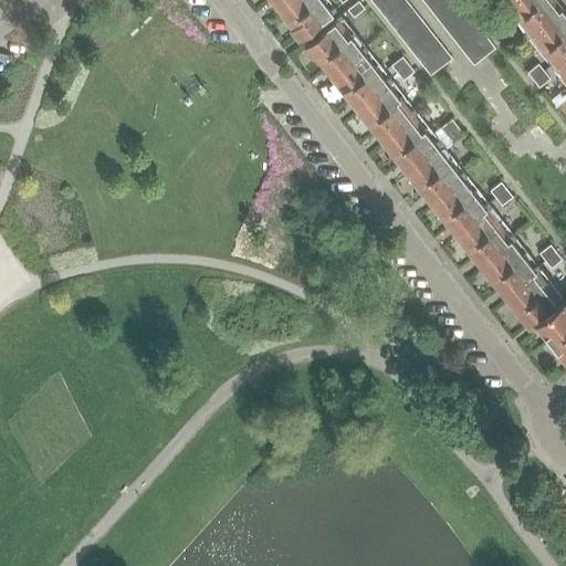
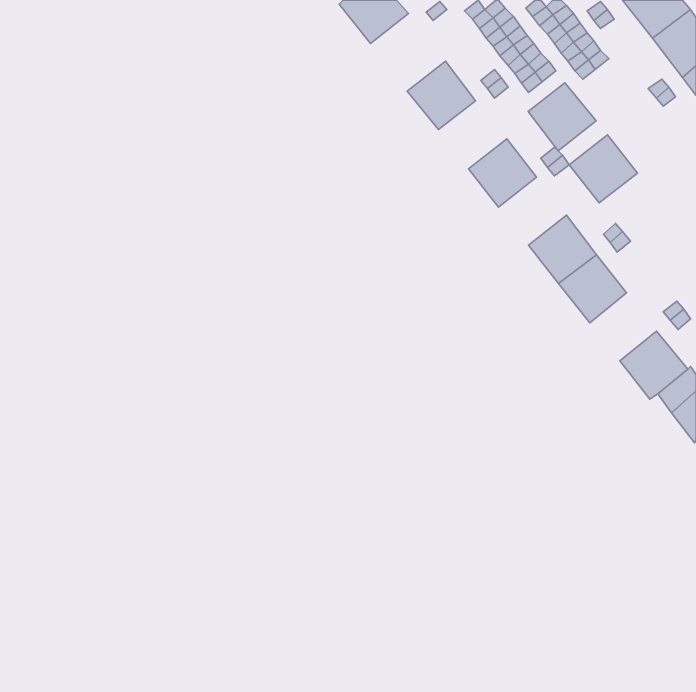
building: [305,21,361,77] -> none
building: [356,85,411,140] -> [528,83,596,151]
building: [405,147,460,202] -> [569,135,637,203]
building: [479,241,533,296] -> none

